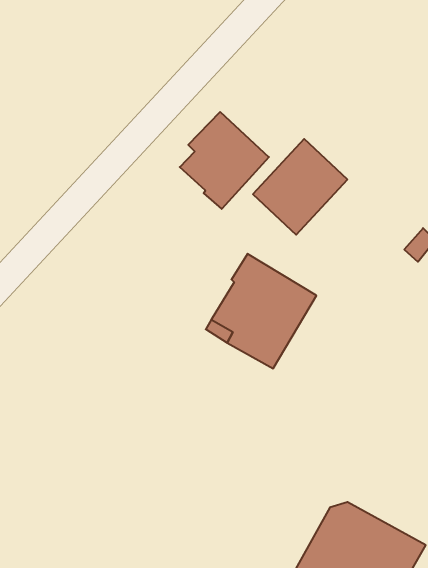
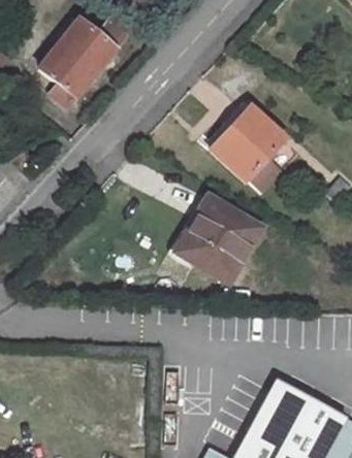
building: none -> [40,17,127,105]
building: [180,112,269,209] -> none

